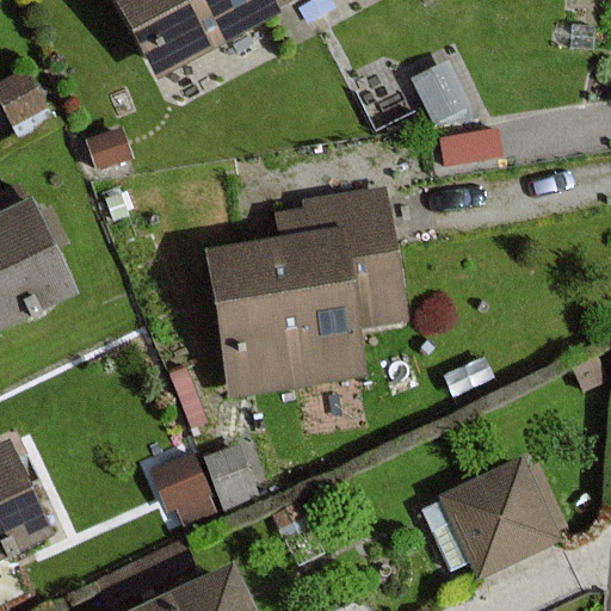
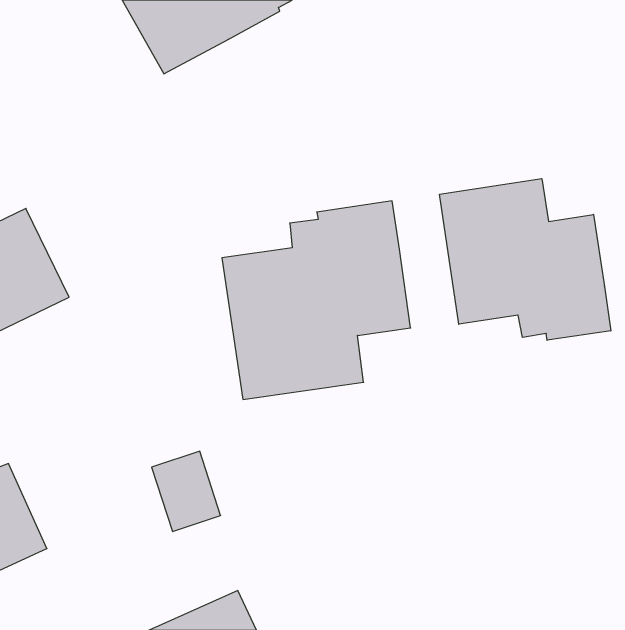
building: none -> [440,179,611,340]
building: [444,461,556,570] -> none

